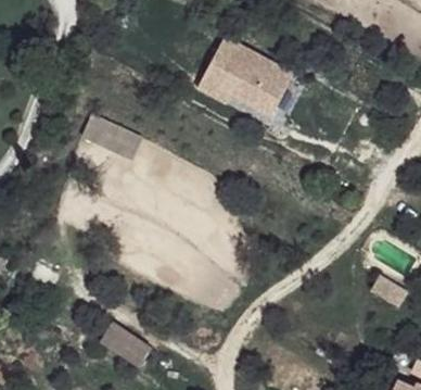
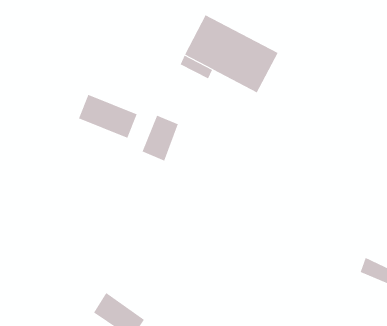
building: none -> [142,115,179,161]

